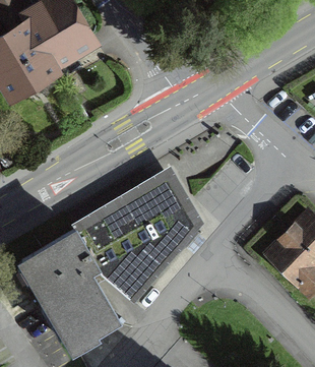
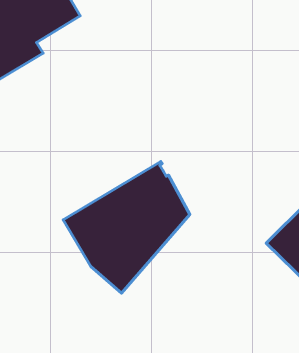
building: [22,230,115,347] -> none

